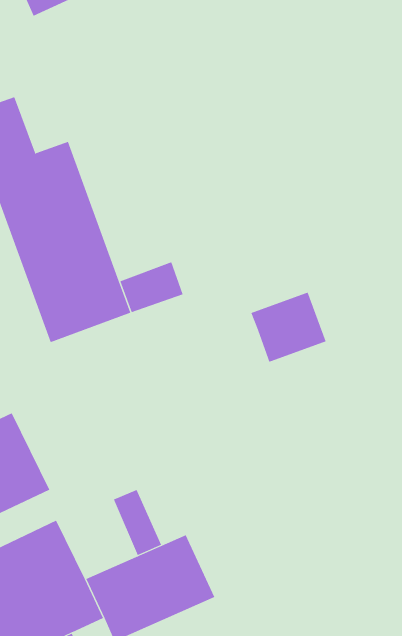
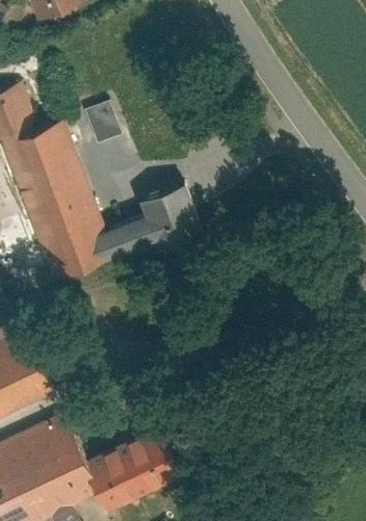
building: none -> [85,101,121,140]
building: [251,292,327,363] -> [142,182,203,238]
building: [113,489,162,556] -> none

